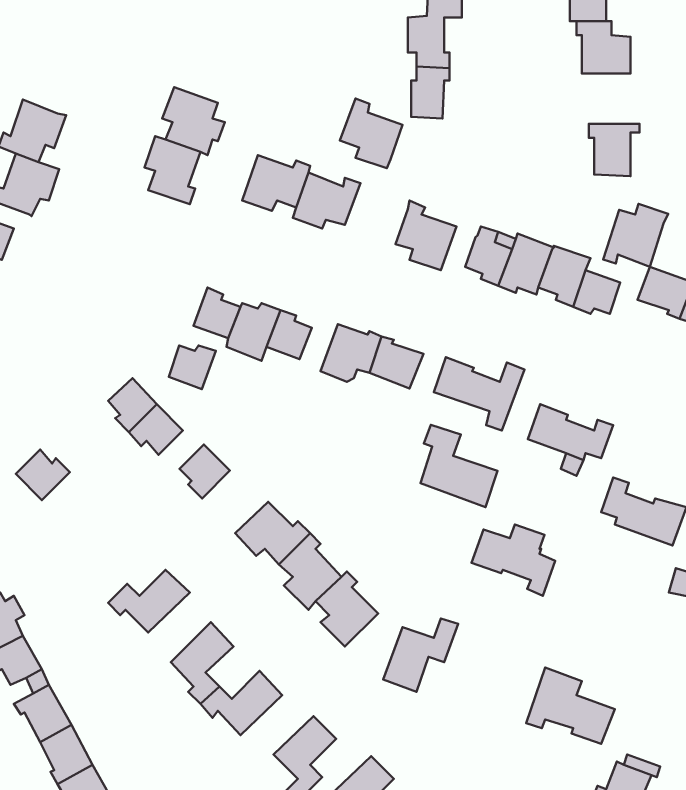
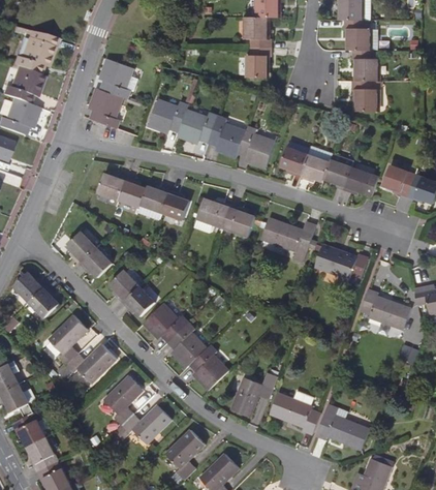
building: none -> [12,30,56,73]
building: none -> [352,50,378,80]
building: [340,99,403,168] -> [208,115,245,156]
building: [603,204,668,267] -> none
building: [169,346,216,389] -> [98,174,126,200]
building: [420,425,498,507] -> none
building: none -> [123,285,154,315]
building: none -> [28,286,57,318]
building: none -> [50,315,87,364]
building: [471,524,555,596] -> [269,392,318,434]

